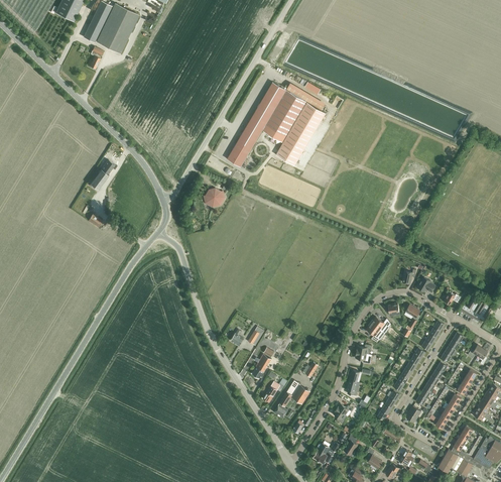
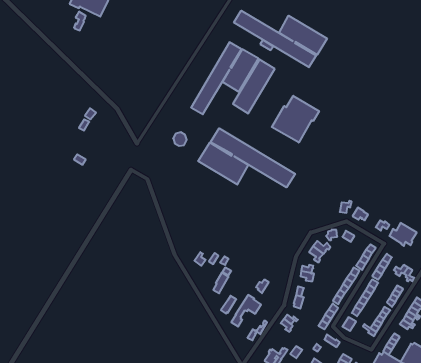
building: none -> [234,11,327,67]
building: none -> [272,96,319,143]
building: none -> [198,128,295,187]

